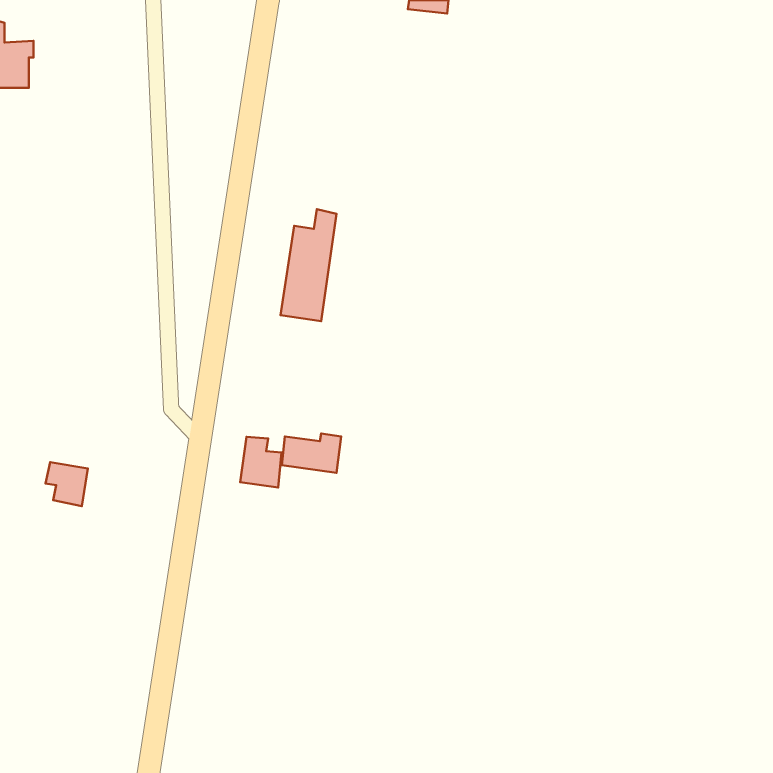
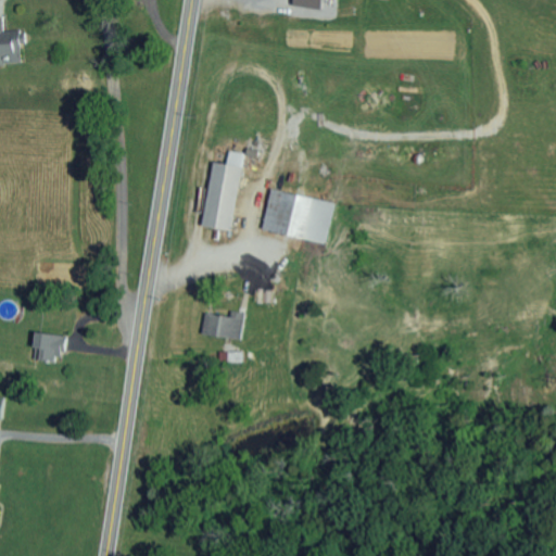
building: none -> [261,190,333,243]
building: [240,437,281,487] -> none

